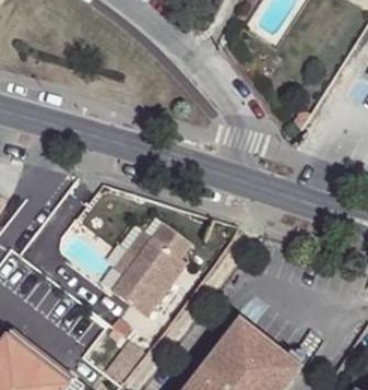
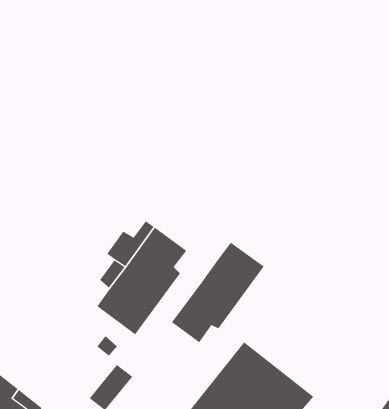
building: none -> [171,242,265,343]

